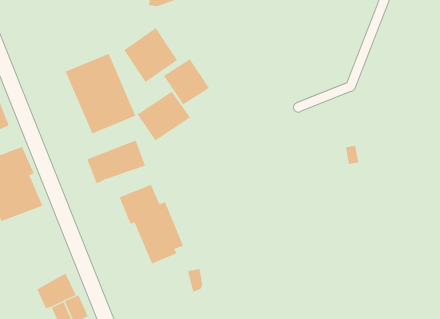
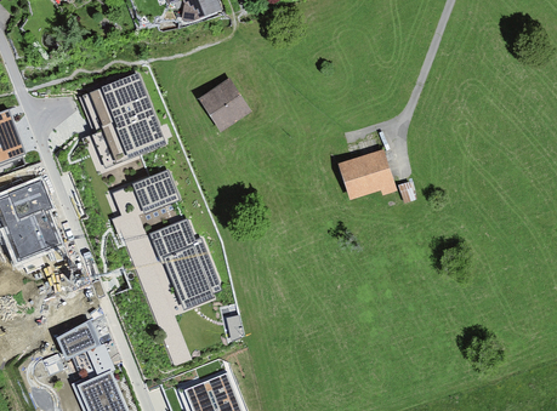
building: [123,27,178,83] -> none
building: [137,91,191,141] -> none
building: none -> [337,150,396,199]

